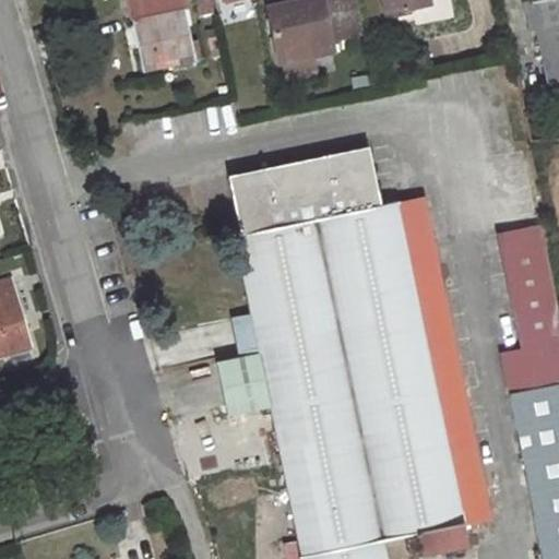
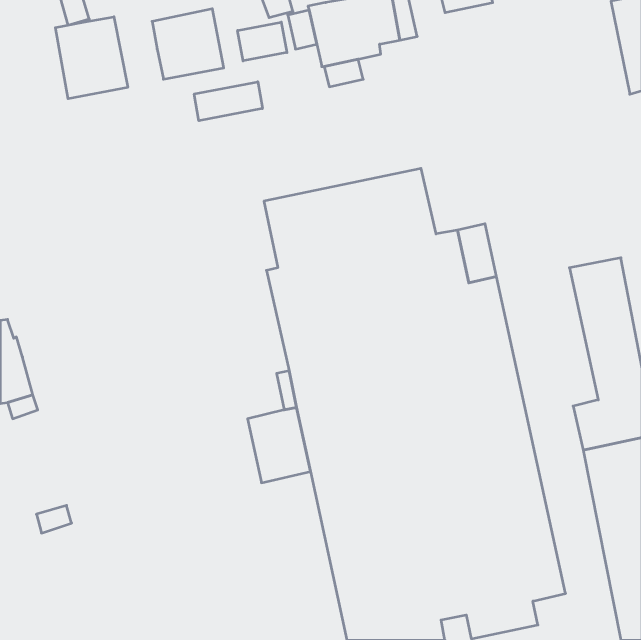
building: none -> [55,17,128,99]
building: none -> [238,22,287,61]
building: none -> [194,82,262,121]

